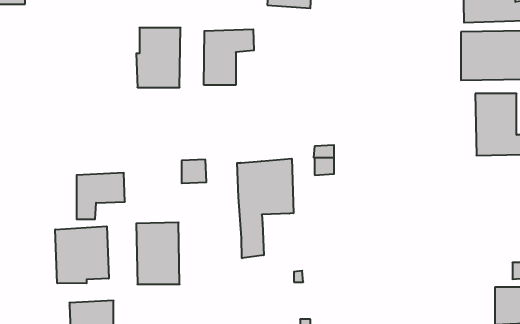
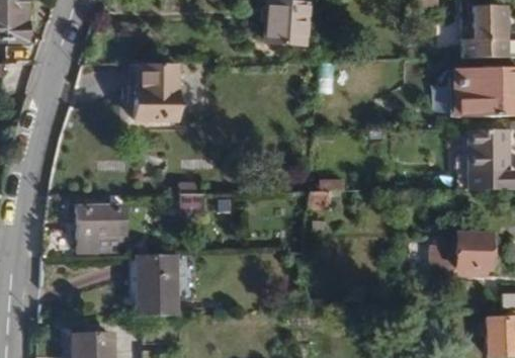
building: [204,29,254,85] -> none
building: [237,159,293,258] -> none
building: none -> [430,233,492,268]
building: [55,226,109,283] -> none

